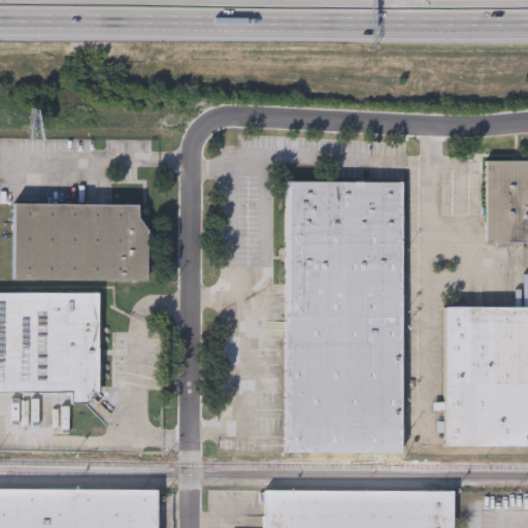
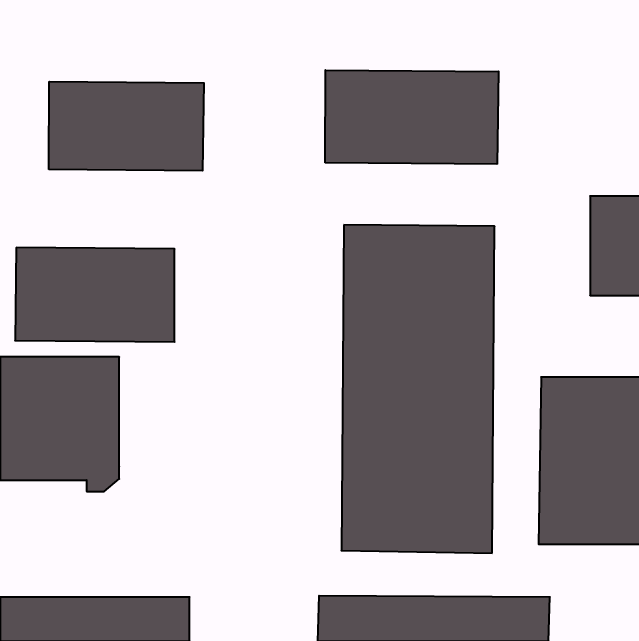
building: none -> [325,70,499,164]
building: none -> [49,82,204,171]

